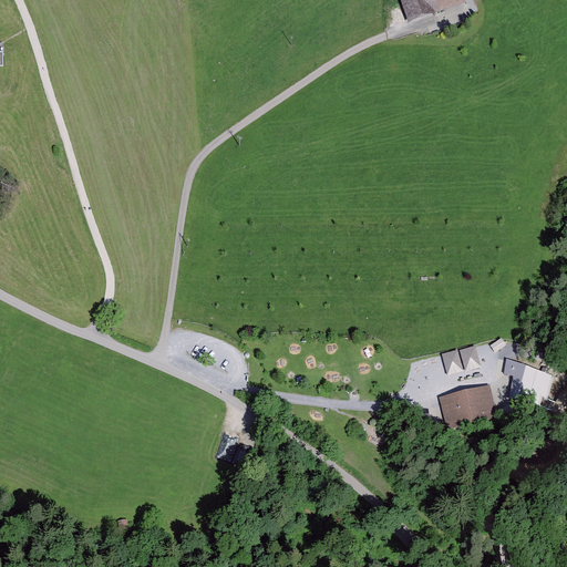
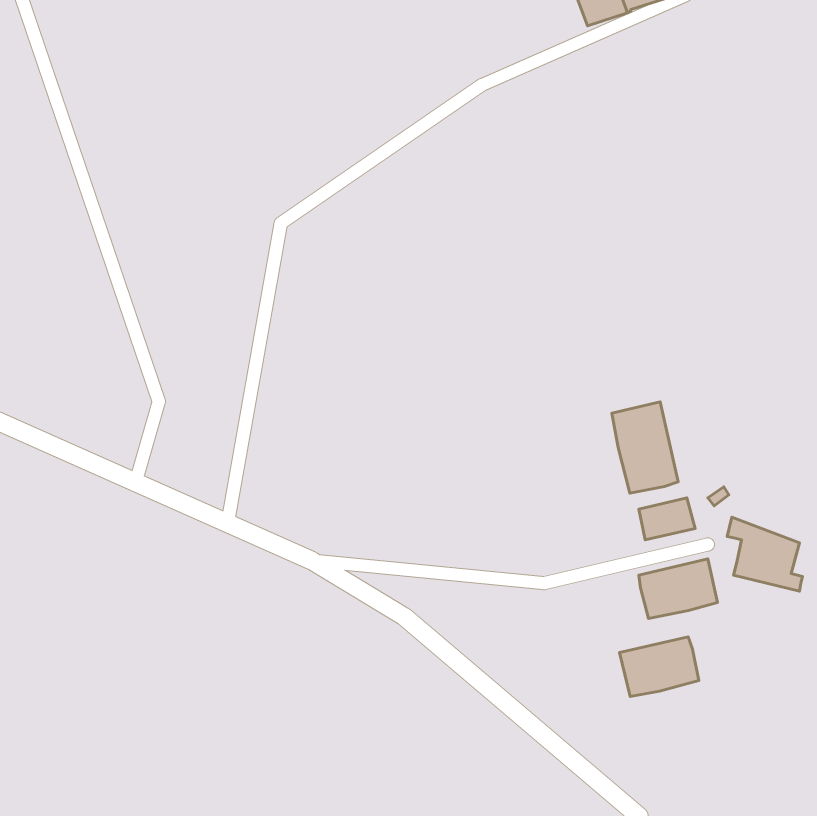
building: none -> [612,402,678,493]
building: none -> [619,637,699,697]

